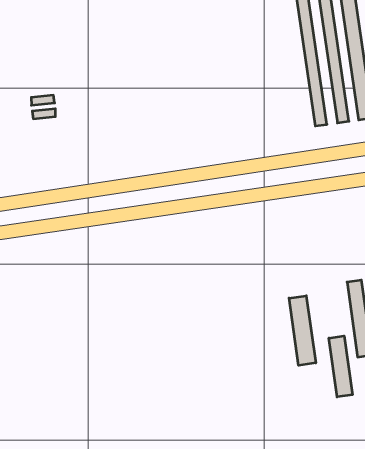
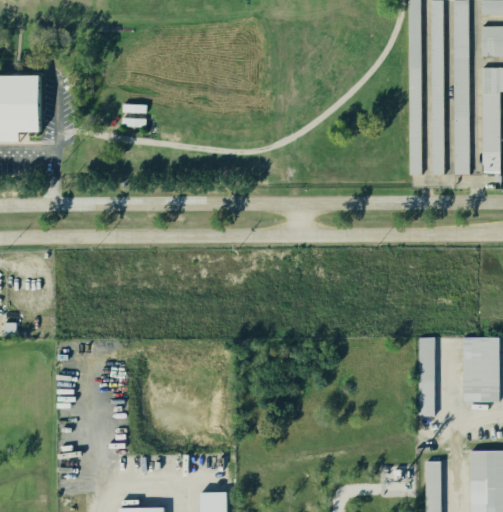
building: [289,296,316,365] -> none
building: [329,336,352,397] -> none

